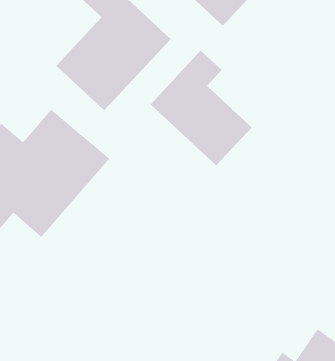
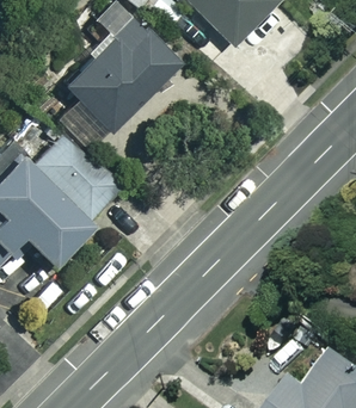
building: [150,50,252,166] -> none

